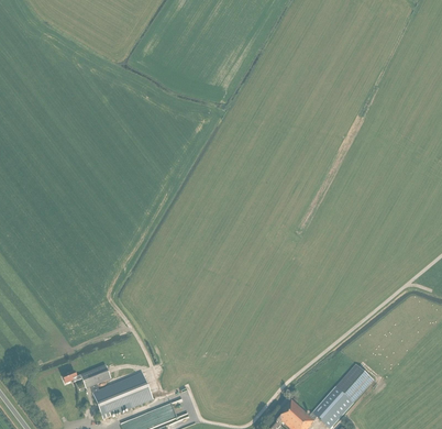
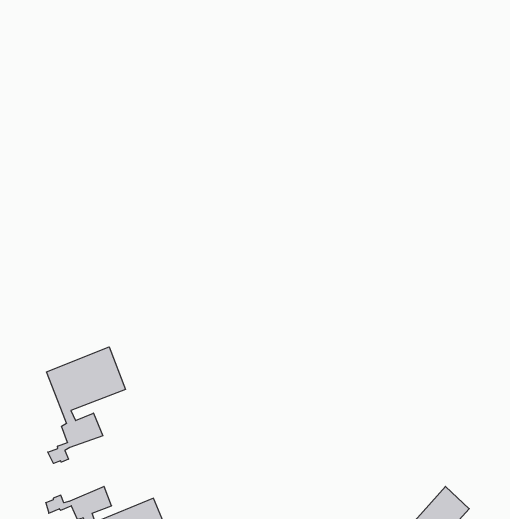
building: none -> [47,347,126,463]

